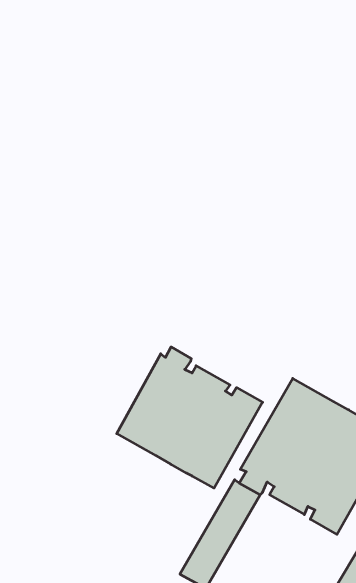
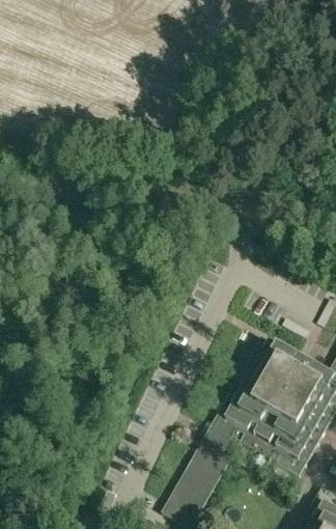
building: [117,347,263,488] -> none

